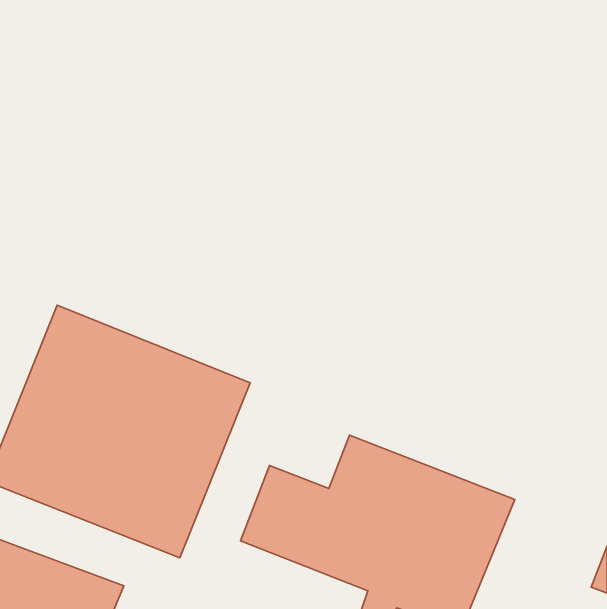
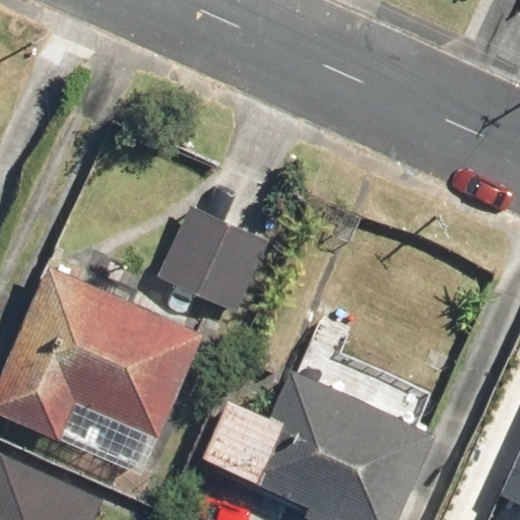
building: none -> [144,199,268,319]

